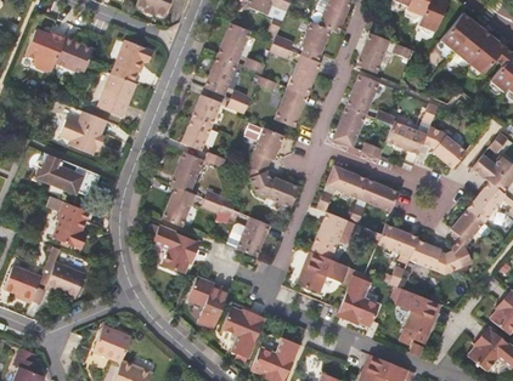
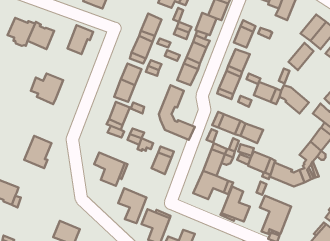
building: [440,11,477,51] -> [289,43,314,70]
building: [98,73,136,116] -> none
building: [35,152,100,194] -> none
building: [162,195,192,226] -> none
building: [39,245,85,297] -> none

